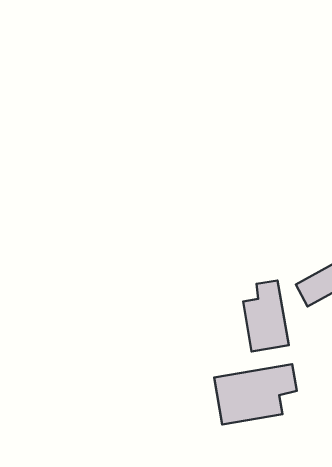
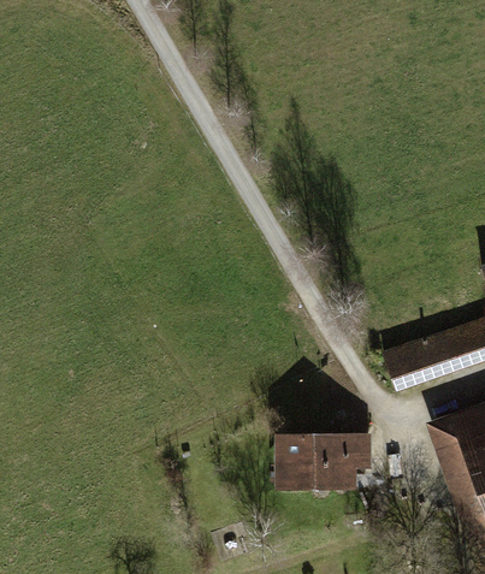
building: [243,280,289,351] -> none

